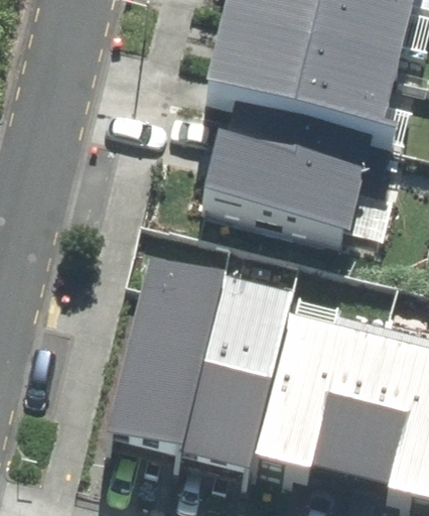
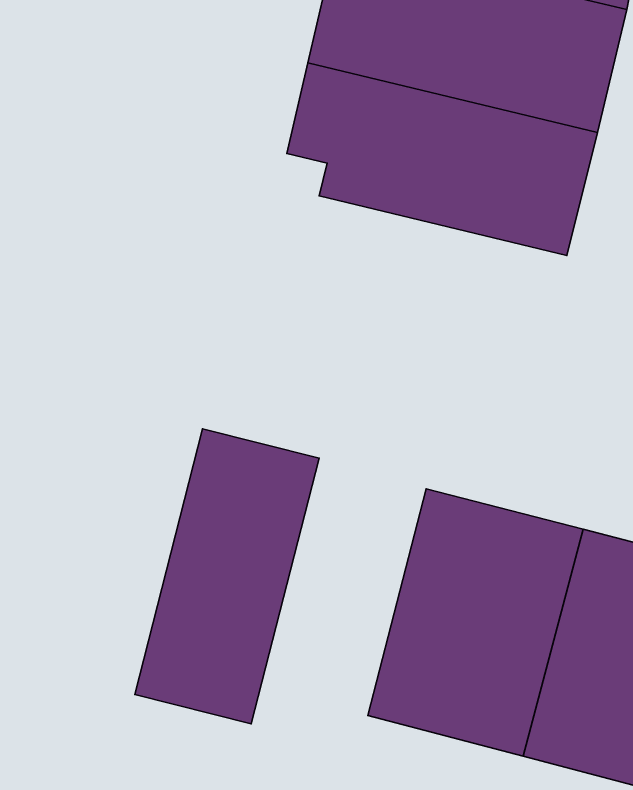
building: [203,125,376,239] -> none
building: [179,288,289,471] -> none

